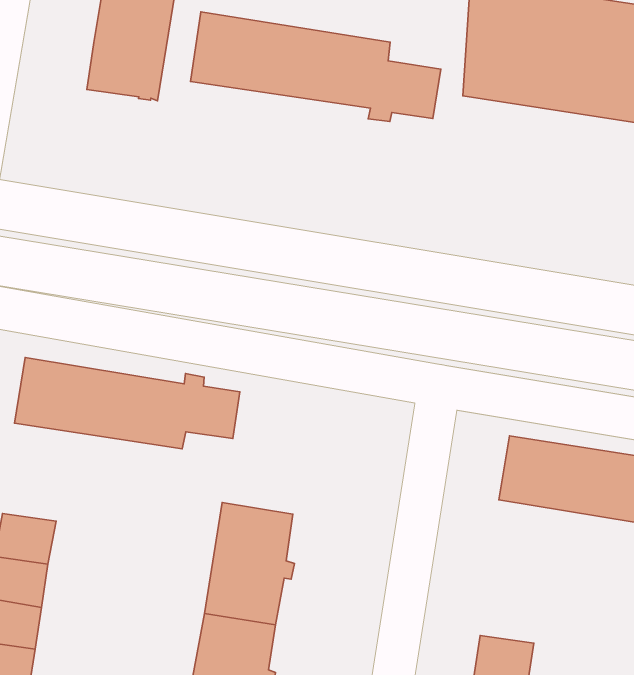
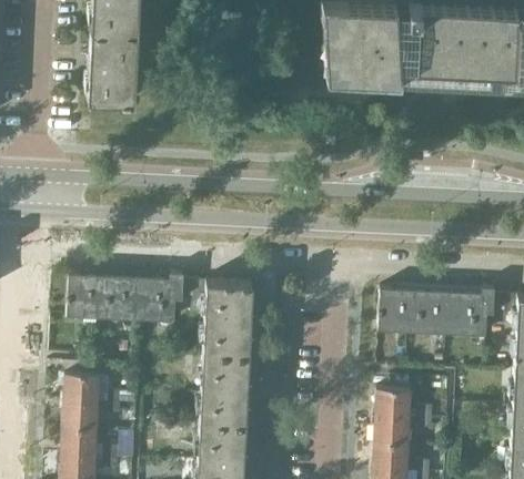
building: [191,12,441,121] -> none
building: none -> [203,281,256,354]
building: none -> [375,389,411,418]

